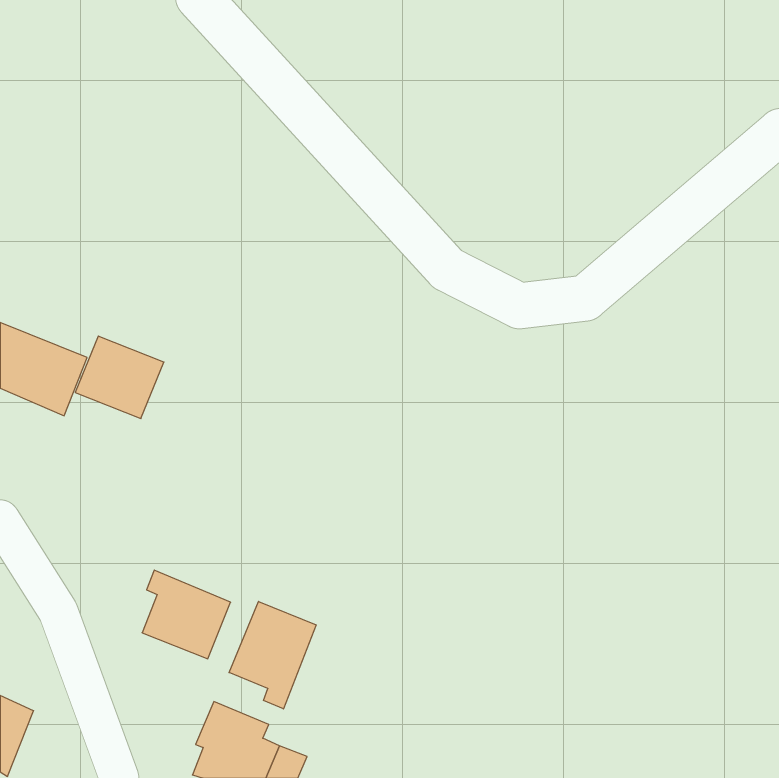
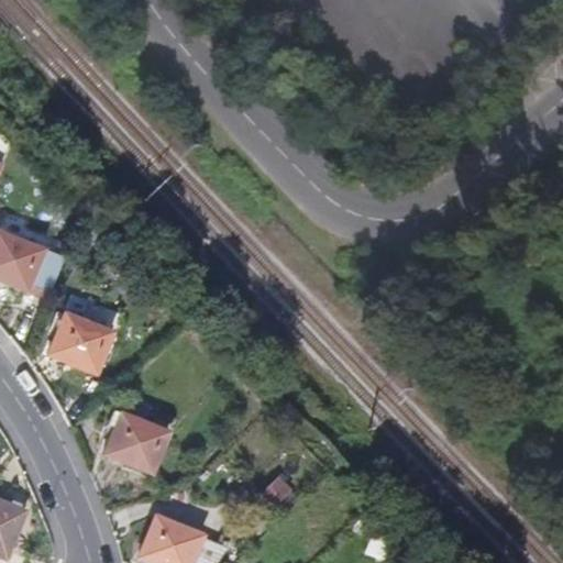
building: [75,336,164,419] -> [48,314,112,374]
building: [229,601,316,709] -> none

